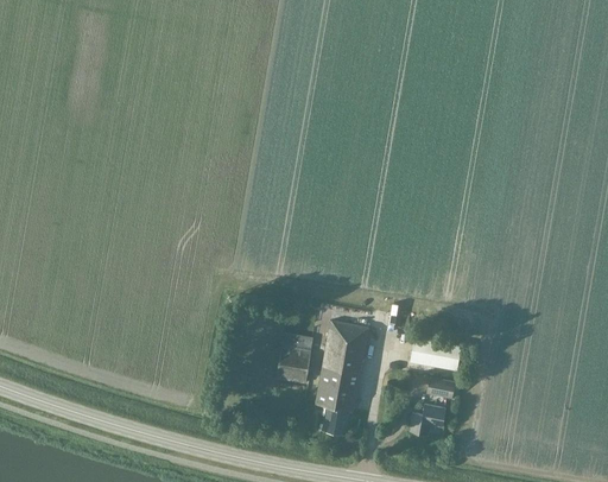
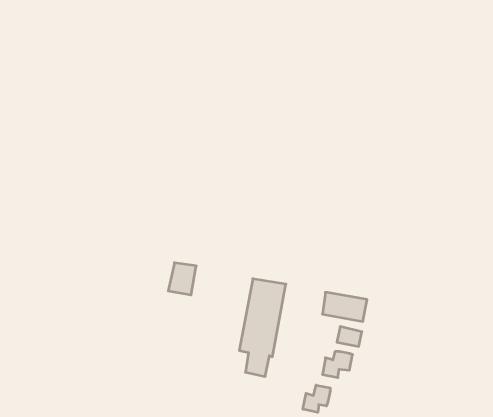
building: [277,348,309,385] -> [168,263,196,295]
building: none -> [303,385,330,412]

